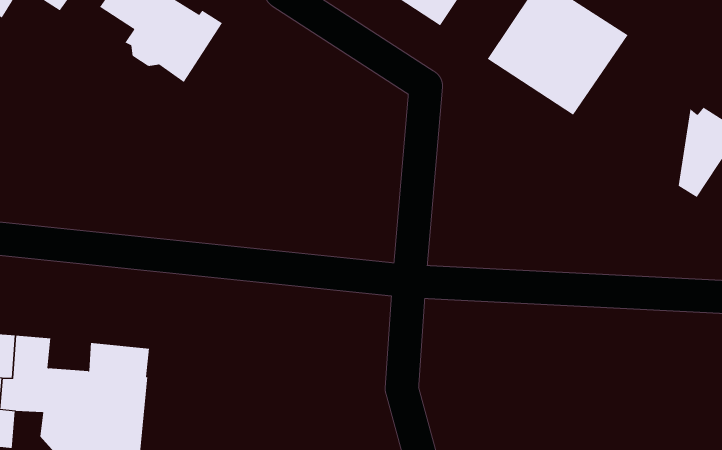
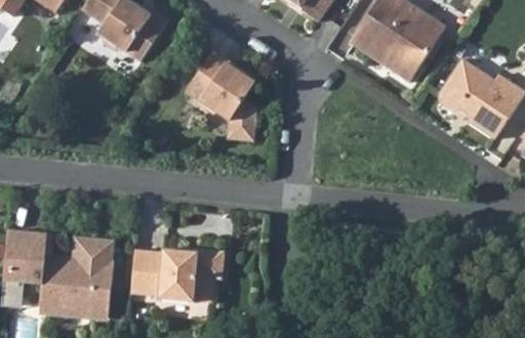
building: none -> [183,49,254,138]
building: none -> [437,59,487,130]
building: none -> [130,248,224,302]

